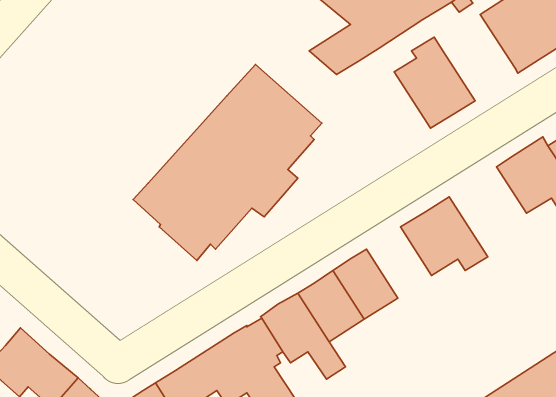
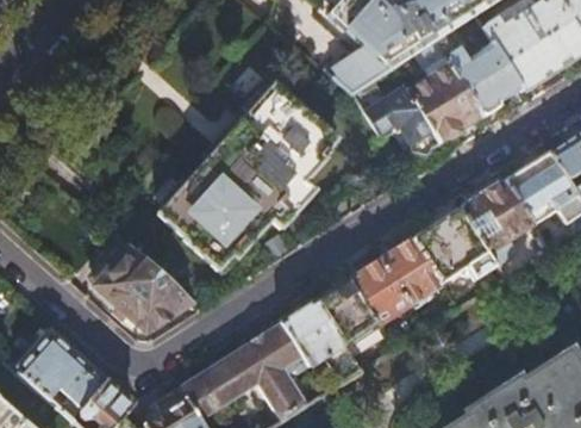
building: none -> [452,39,521,114]
building: none -> [351,76,441,149]
building: none -> [458,178,533,263]
building: none -> [380,235,443,303]
building: none -> [94,238,190,325]

